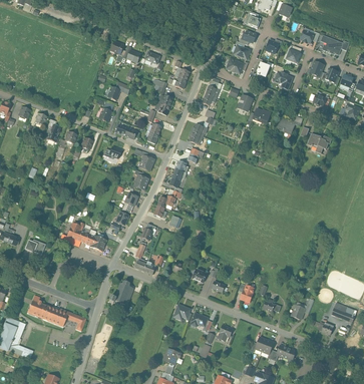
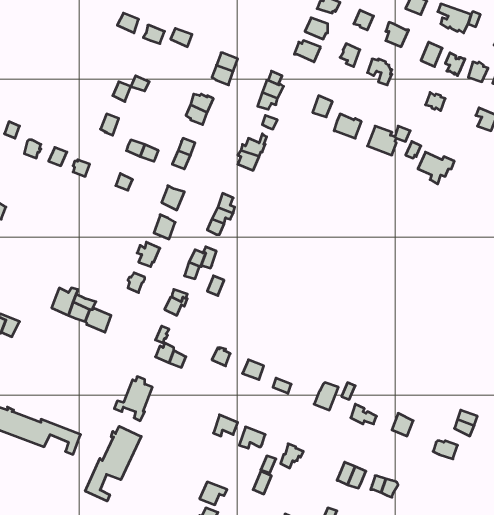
building: none -> [85,426,141,501]

